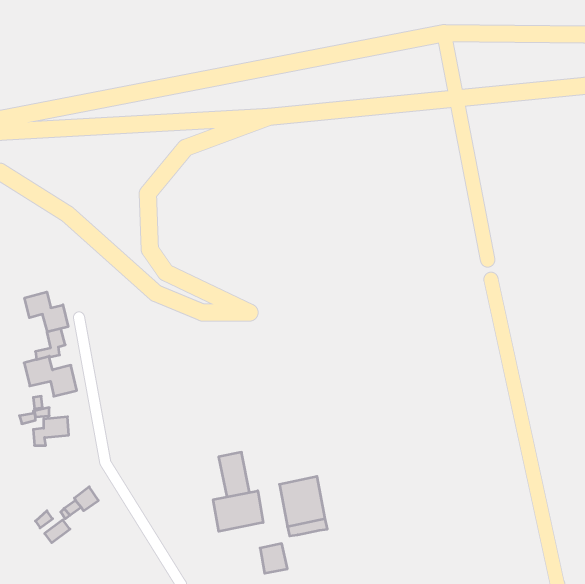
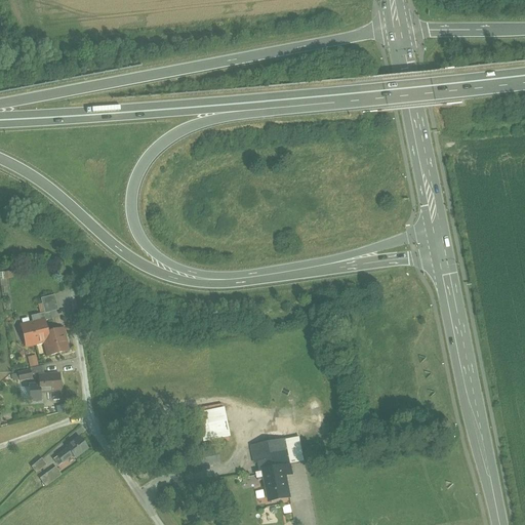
building: [25,292,68,332] -> none
building: [213,491,263,531] -> none
building: [260,544,287,573] -> [267,475,291,501]

